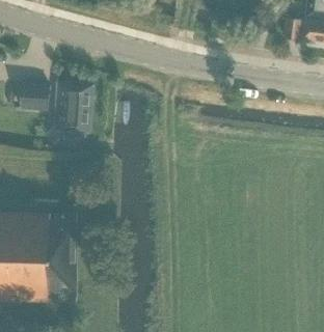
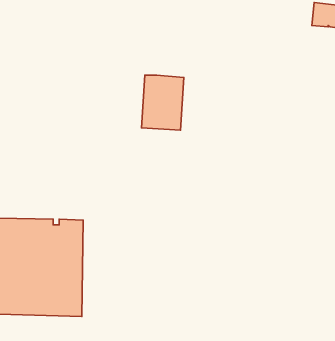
building: [54,82,92,132] -> [142,75,184,130]
building: [20,83,49,109] -> none

